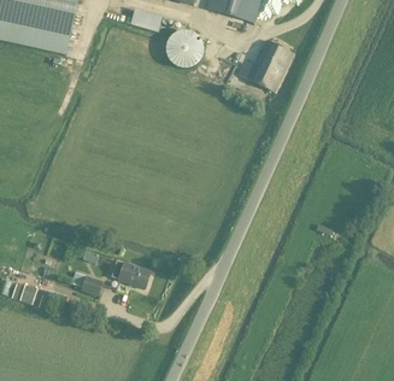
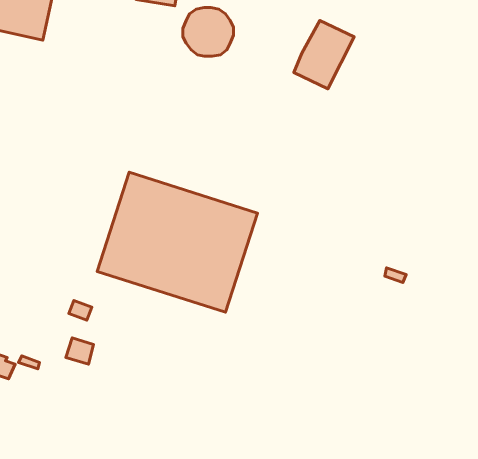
building: none -> [97,172,258,312]
building: [111,259,151,287] -> none

